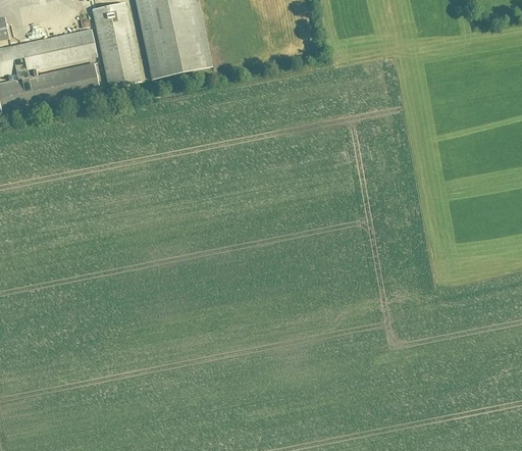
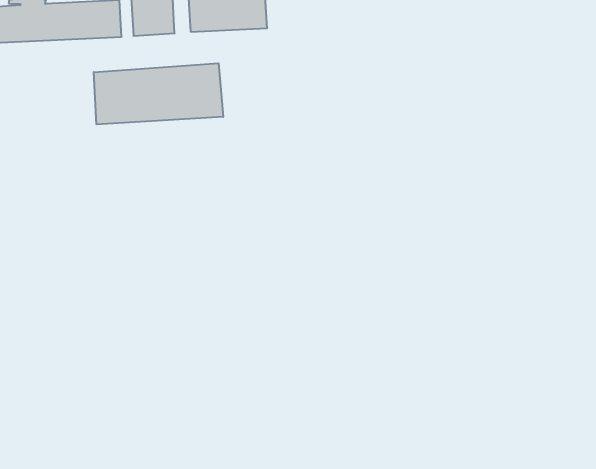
building: none -> [94,63,223,124]

